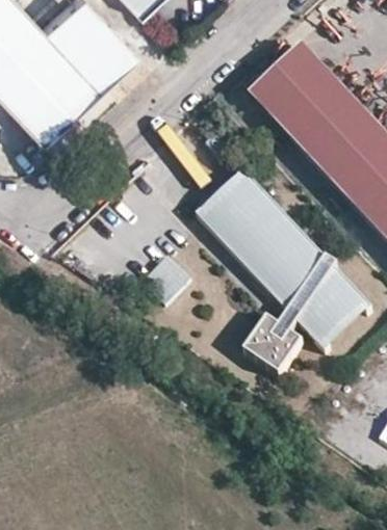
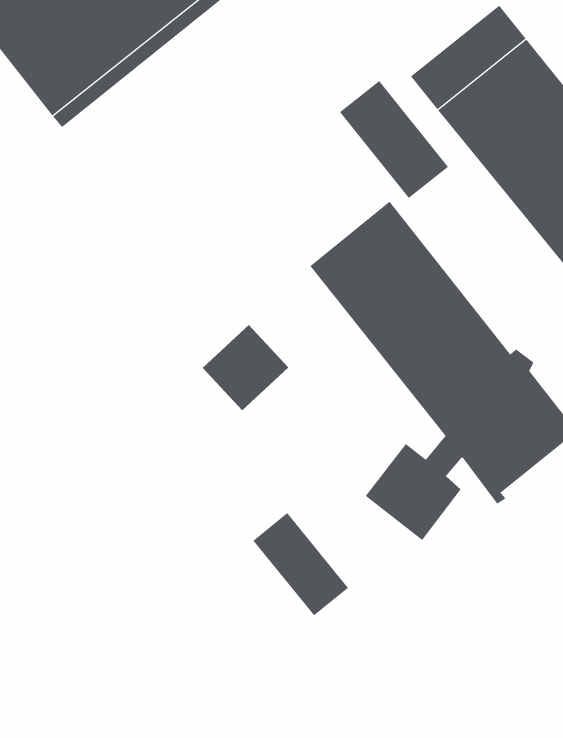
building: none -> [339,80,449,199]
building: none -> [252,512,349,616]

